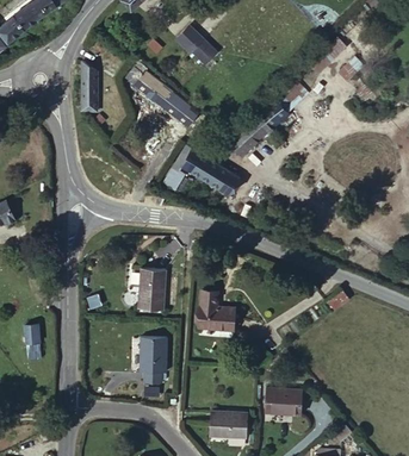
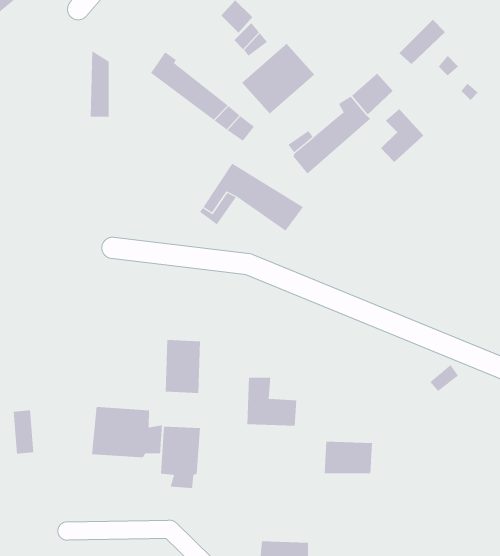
building: none -> [241,43,315,114]
building: none -> [380,108,424,163]
building: none -> [92,406,162,458]
building: [265,394,300,418] -> [324,441,373,474]

